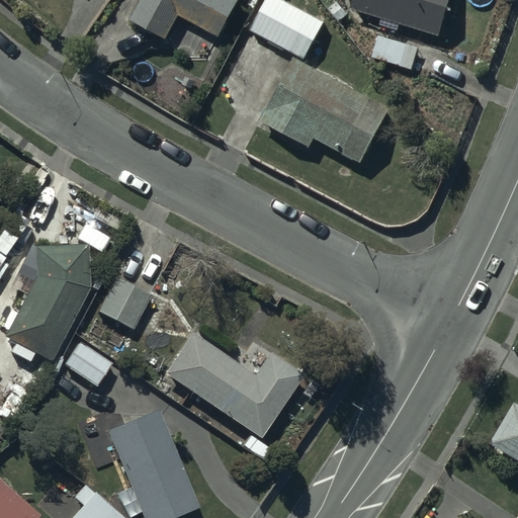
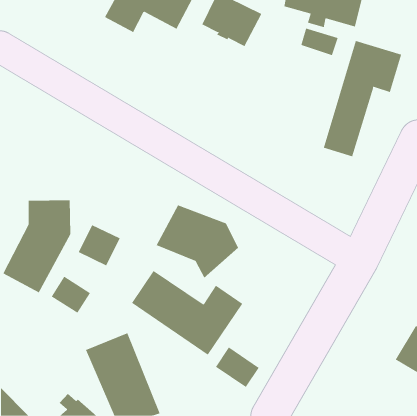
building: none -> [323,40,402,157]
building: [259,58,392,164] -> none
building: none -> [156,204,239,278]
building: none -> [215,347,259,388]

